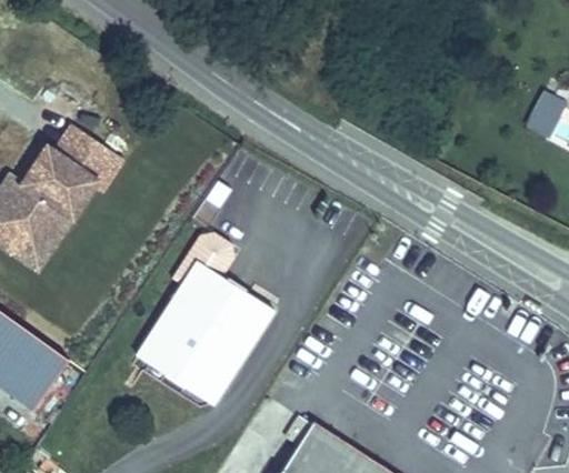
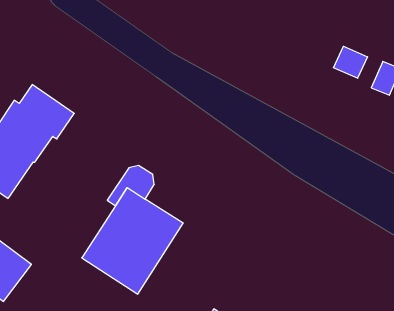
building: none -> [334,46,367,78]

